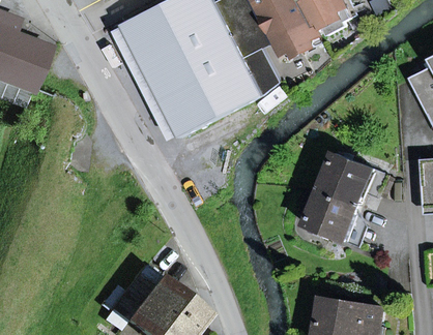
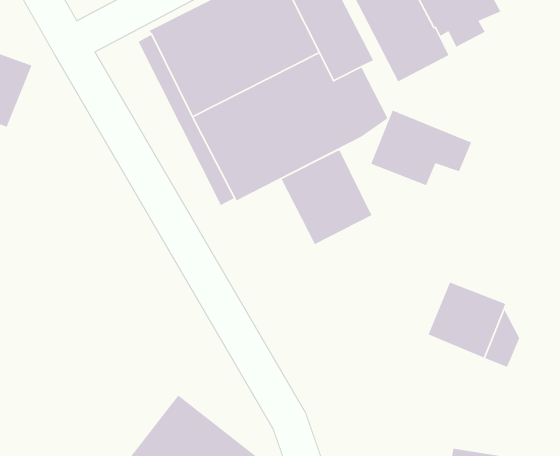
building: none -> [280,149,372,245]
building: [322,153,389,204] -> [370,109,472,186]

